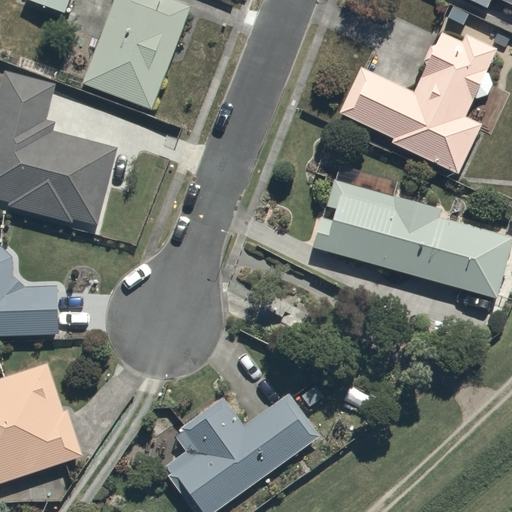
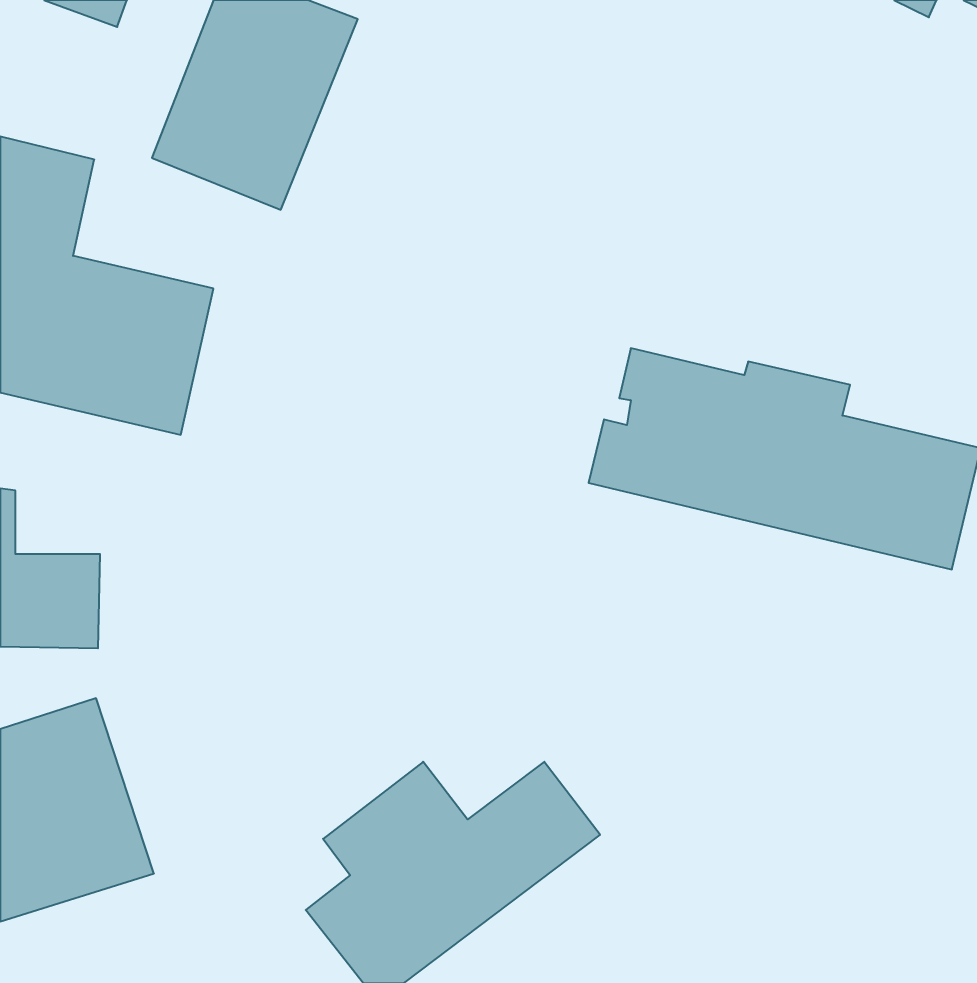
building: [338,33,496,176] -> none

